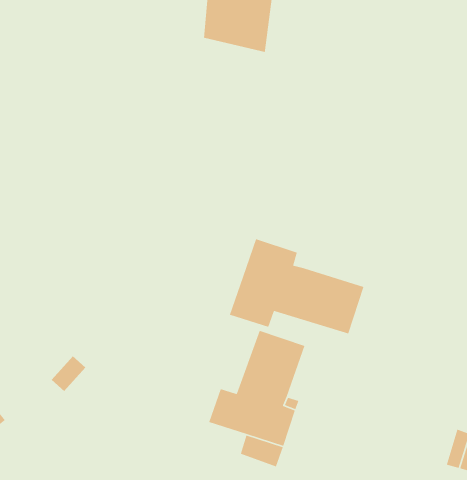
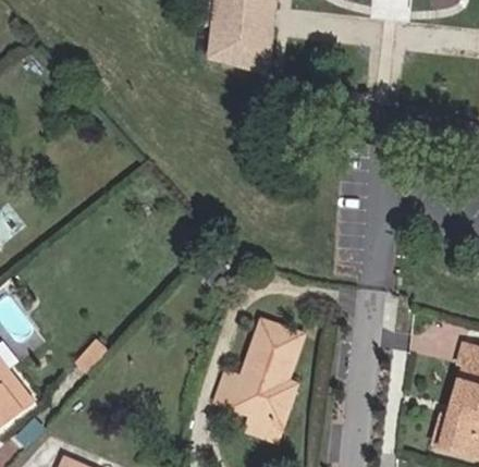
building: [229,238,364,334] -> none

